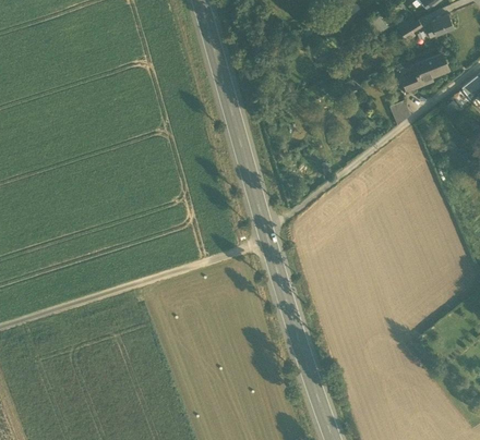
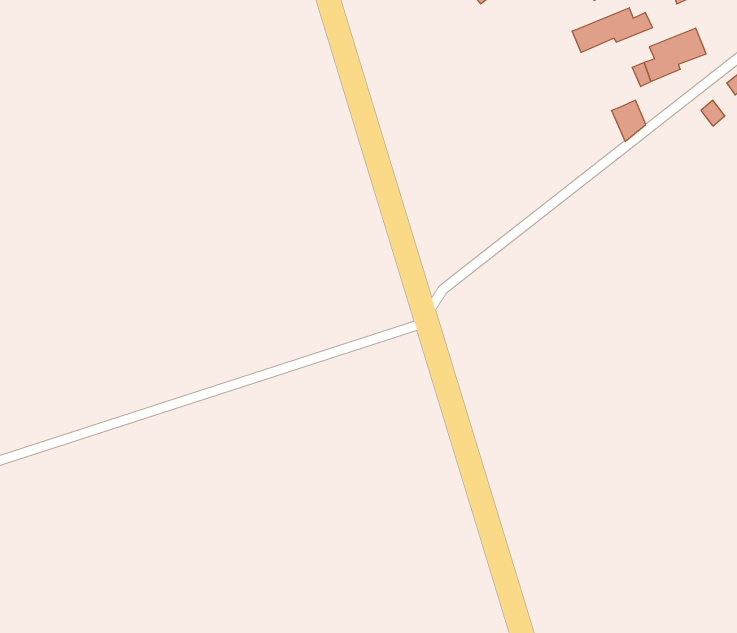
building: none -> [572,8,652,53]

